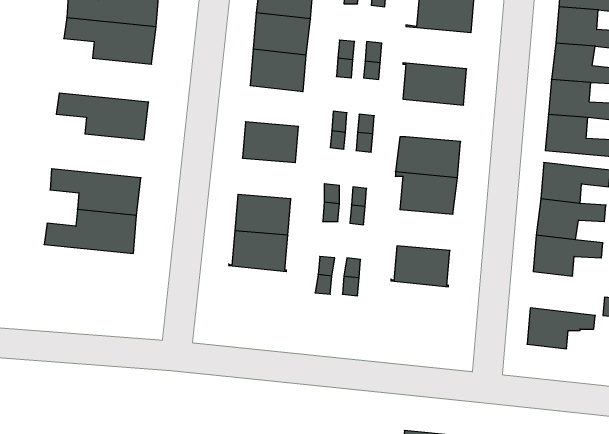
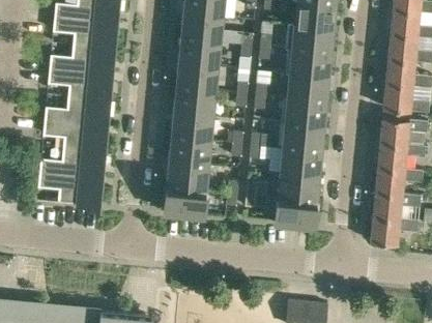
building: none -> [285,24,332,53]
building: none -> [50,46,113,76]
building: none -> [177,64,217,92]
building: none -> [285,74,326,102]
building: none -> [45,97,108,127]
building: none -> [172,114,211,142]
building: none -> [281,149,319,177]
building: none -> [36,173,100,206]
building: none -> [164,187,205,216]
building: none -> [372,192,420,219]
building: none -> [275,198,316,227]

